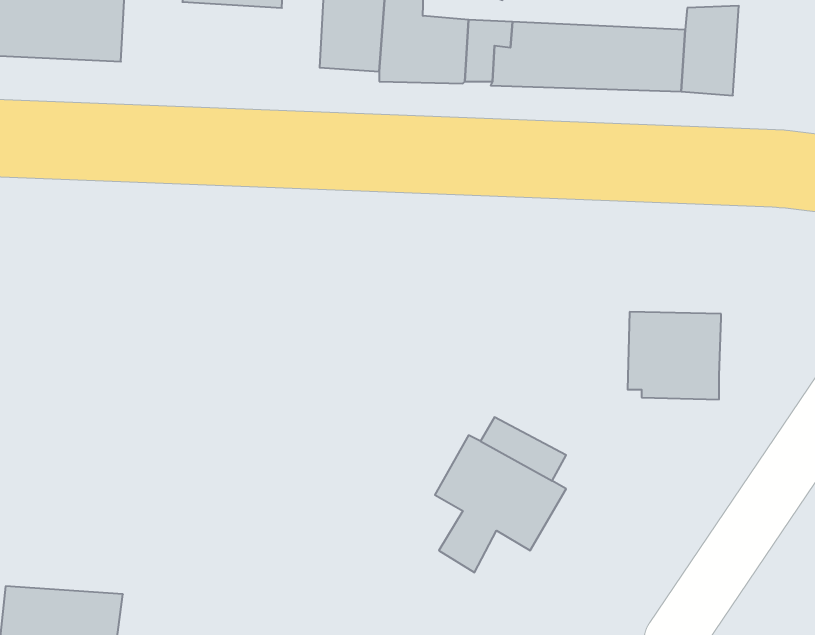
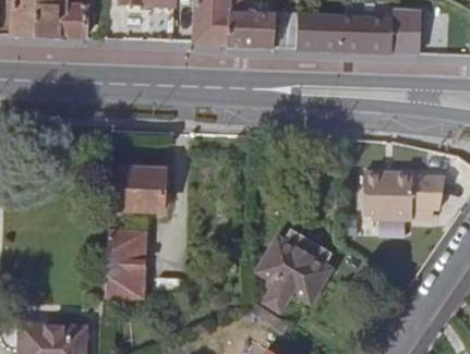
building: none -> [120,169,165,211]
building: none -> [413,176,448,209]
building: none -> [105,232,147,298]

